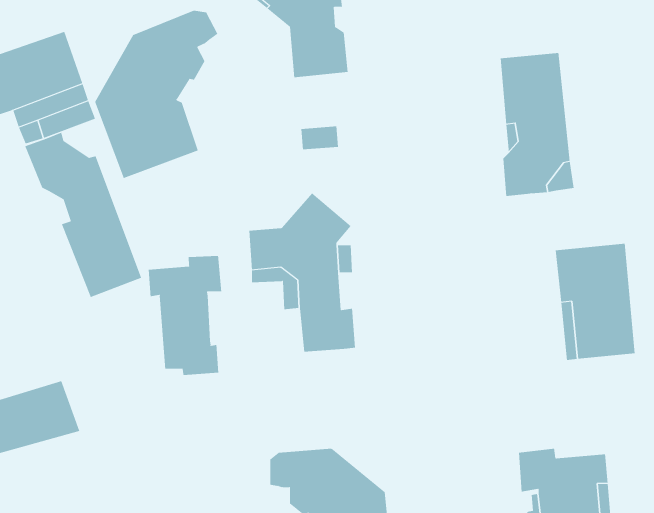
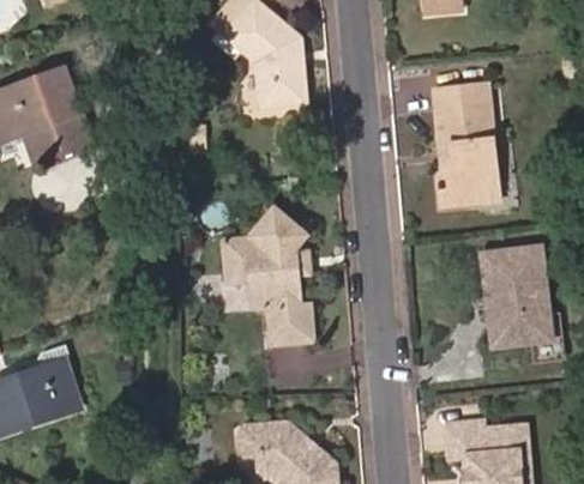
building: [94,10,218,179] -> none
building: [25,132,142,298] -> none
building: [148,255,222,376] -> none

